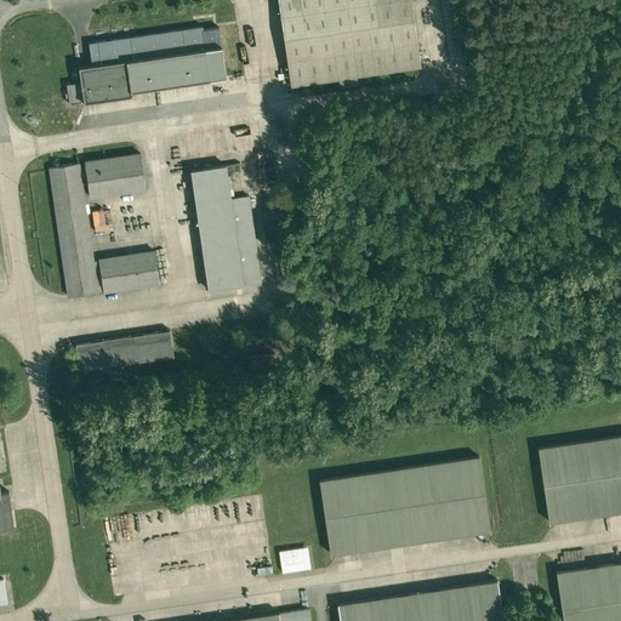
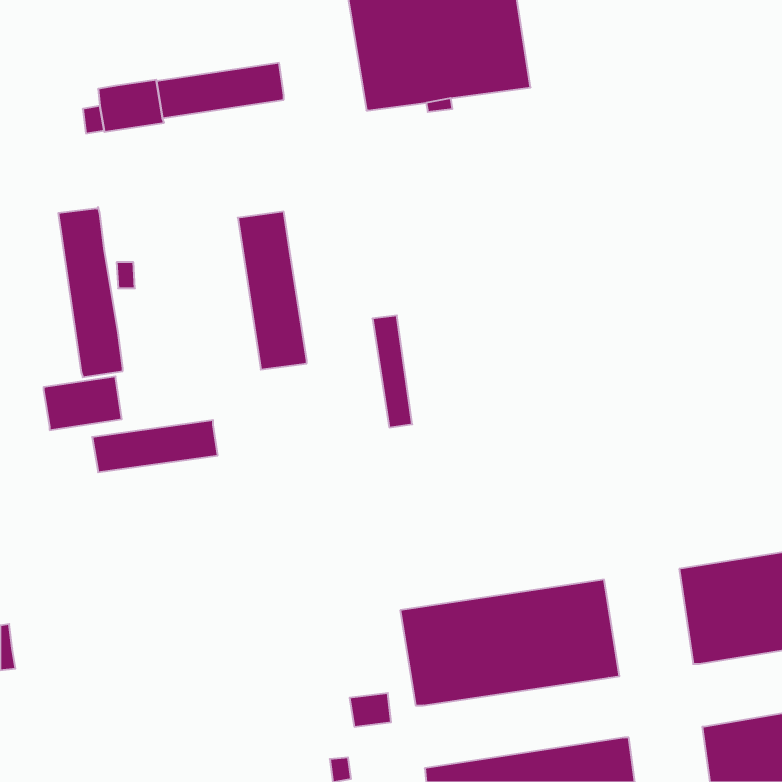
building: [89,27,222,68] -> none
building: [84,154,146,199] -> none
building: [230,196,262,285] -> [372,315,412,427]
building: [98,251,160,294] -> [44,376,122,430]

